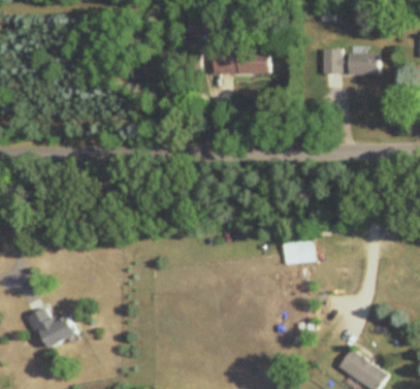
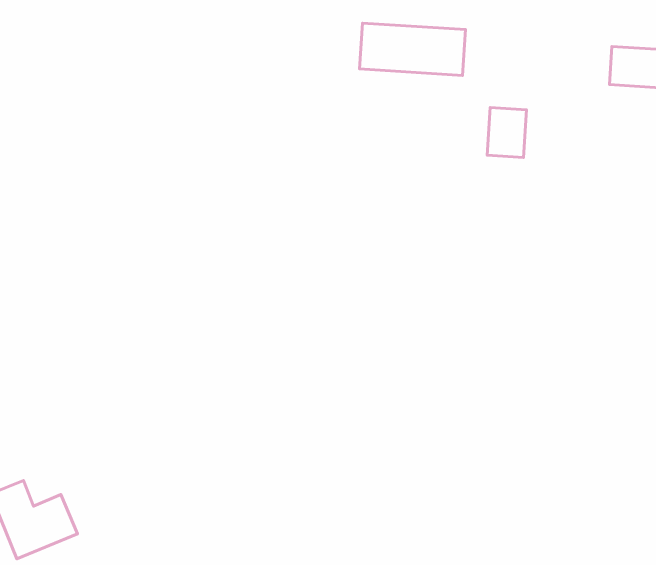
building: [322,50,342,75] -> [487,107,526,157]
building: [283,230,314,265] -> none

